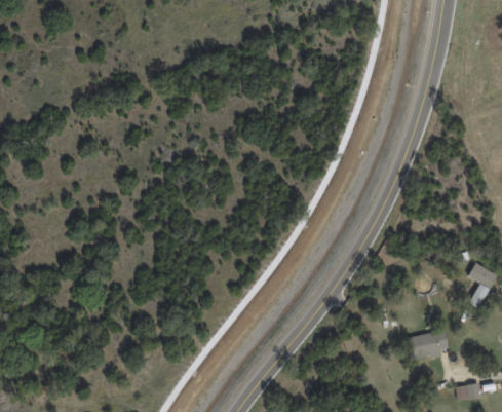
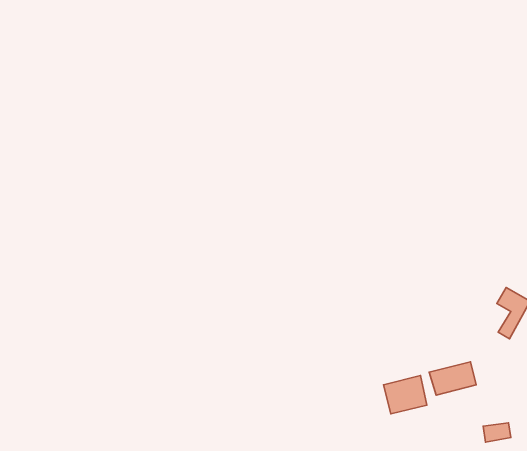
building: none -> [384,376,427,414]

